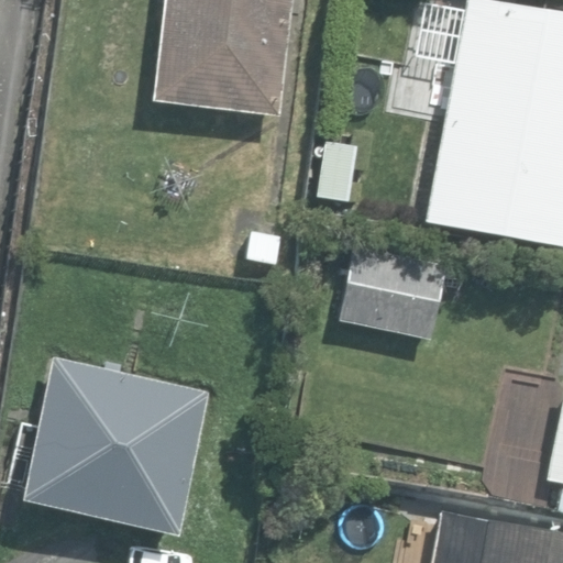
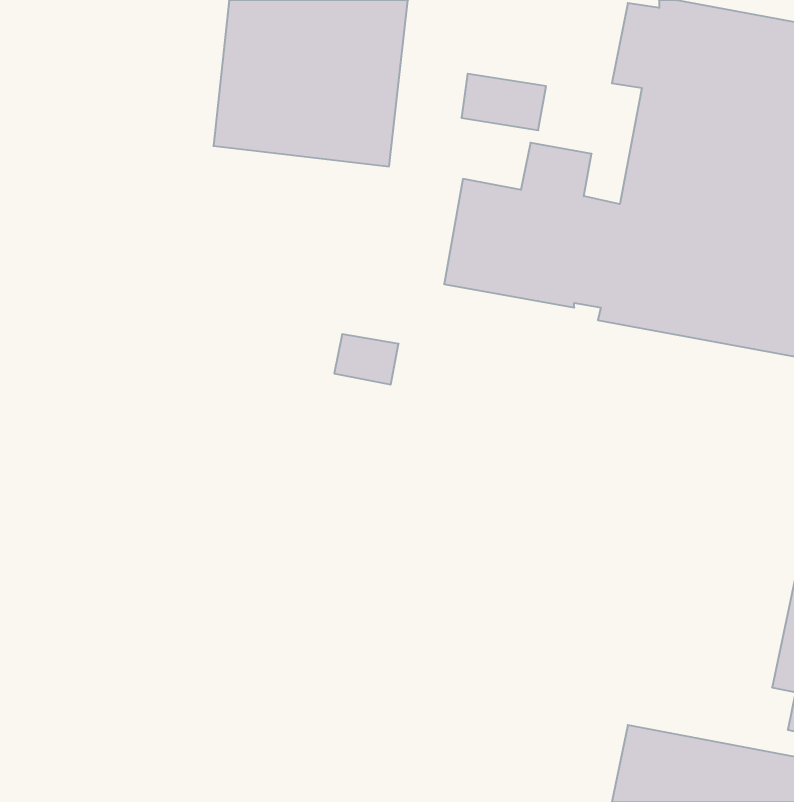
building: [341,245,449,340] -> none
building: [22,355,210,537] -> none

